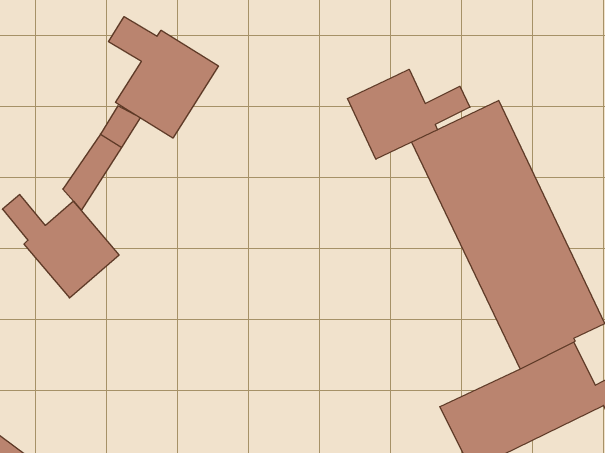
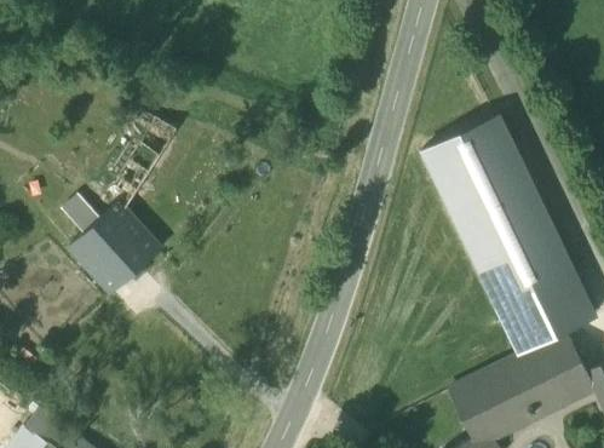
building: [109,17,218,138] -> none
building: [348,69,470,159] -> none

